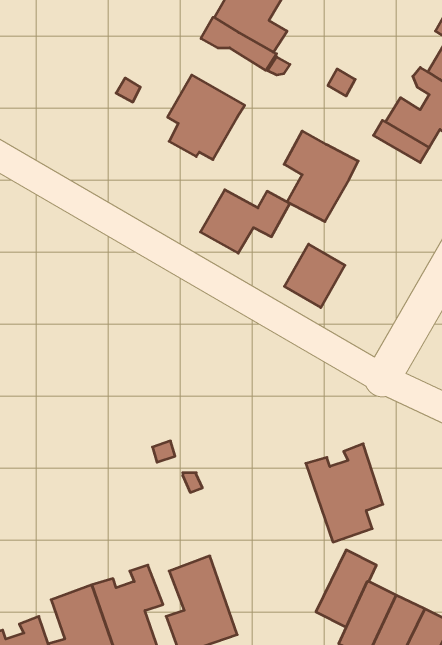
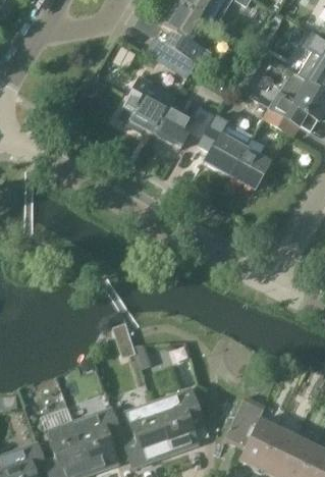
building: [200,190,290,253] -> [154,105,214,148]
building: [284,244,345,308] -> [229,147,270,190]
building: [306,444,383,542] -> [152,387,204,454]

